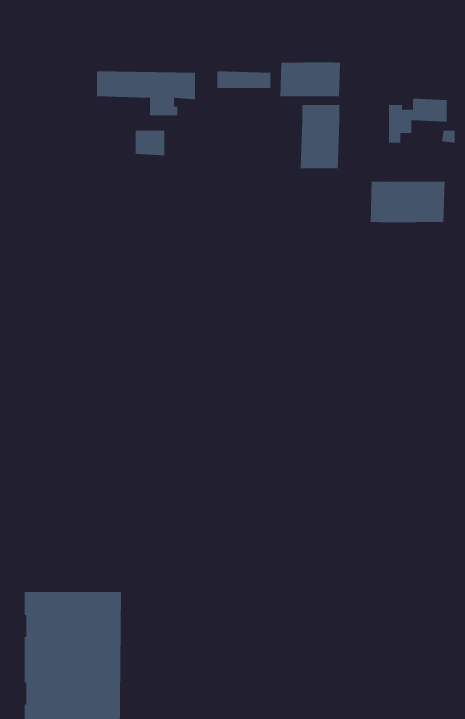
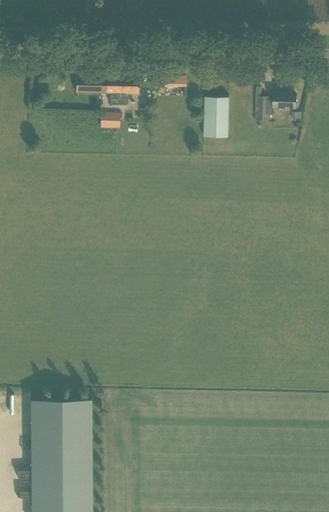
building: [280,62,340,97] -> none
building: [370,181,445,223] -> none

